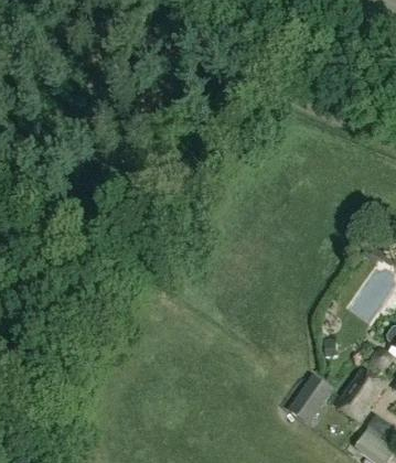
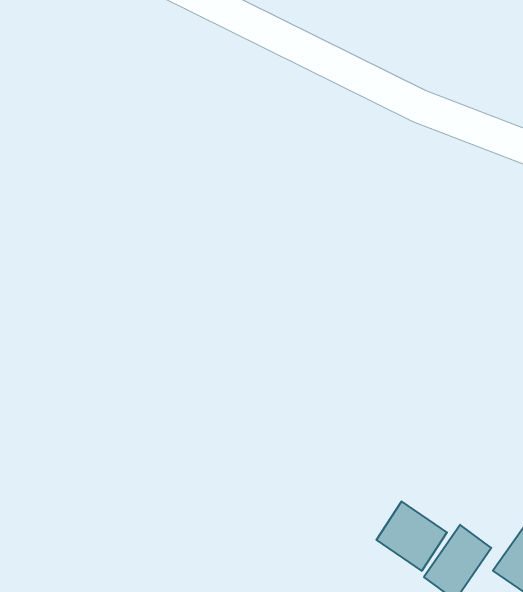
building: none -> [376,501,447,571]

